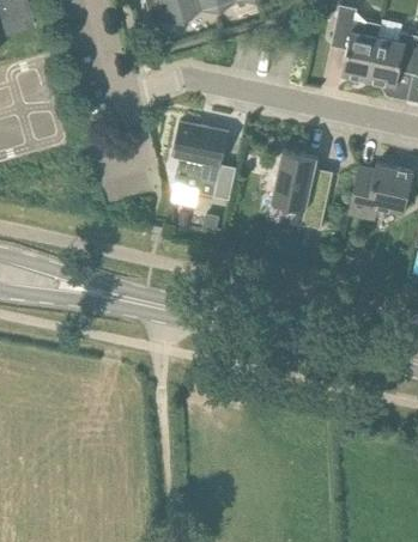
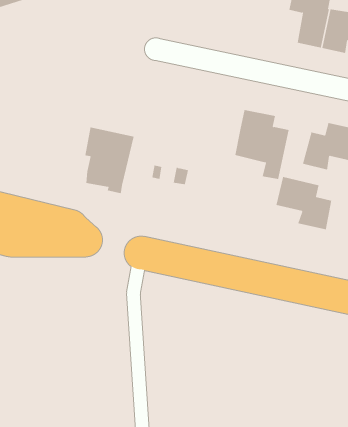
building: [172,122,229,197] -> [84,127,134,194]
building: none -> [276,176,332,230]

